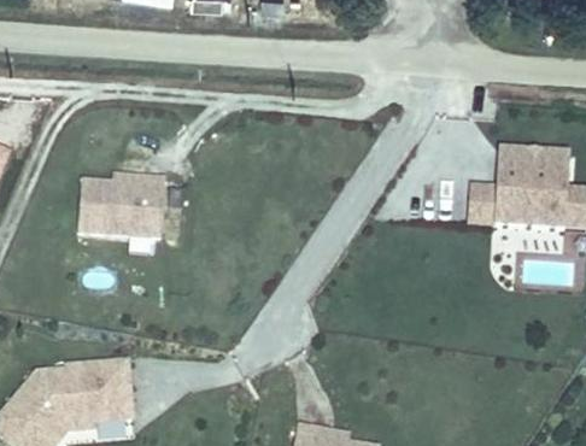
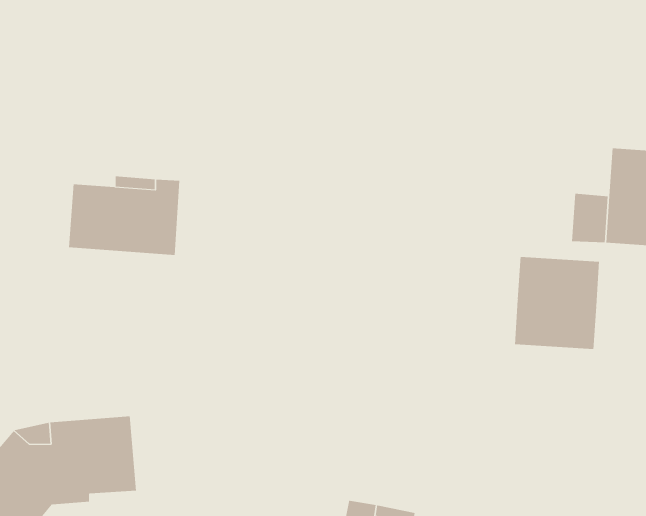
building: none -> [514,256,600,350]

